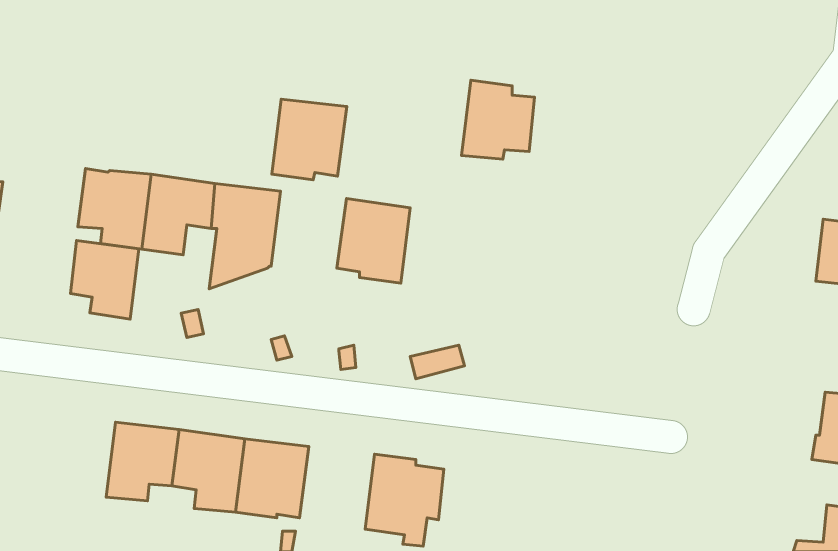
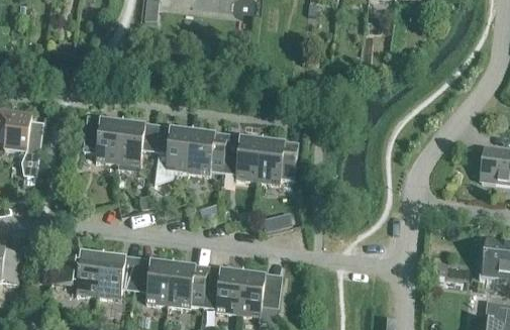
building: [461,80,535,159] -> [258,139,297,182]
building: [272,99,347,180] -> [188,130,228,174]
building: [70,241,139,319] -> none
building: none -> [53,251,104,295]
building: none -> [203,267,243,312]

